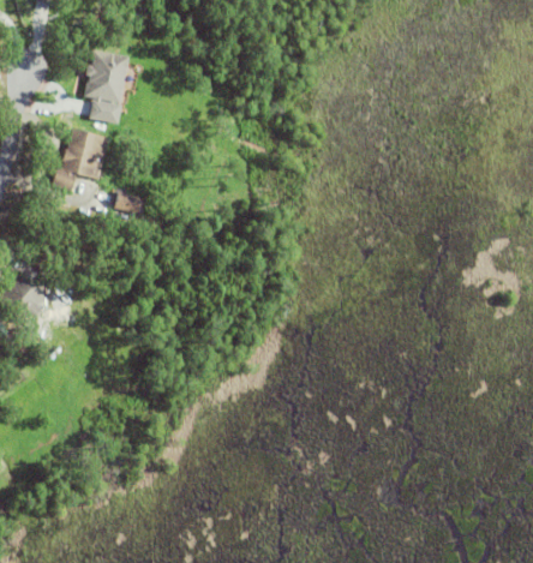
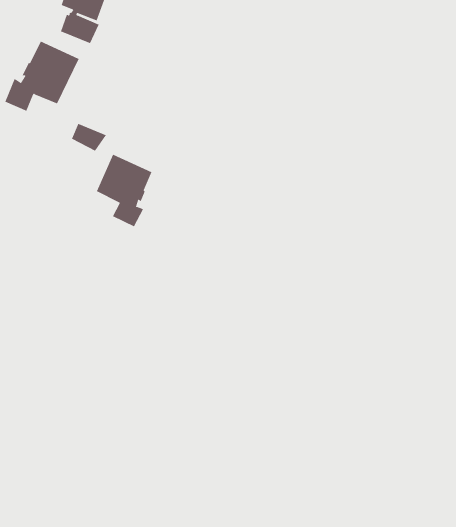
building: none -> [96,154,152,227]

